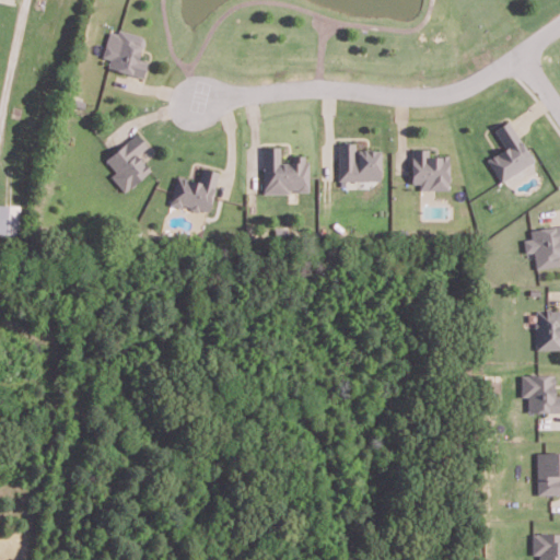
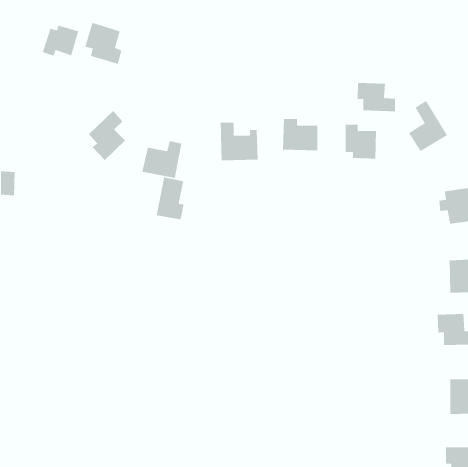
building: none -> [42,25,79,56]
building: none -> [357,82,396,112]
building: none -> [156,176,184,220]

